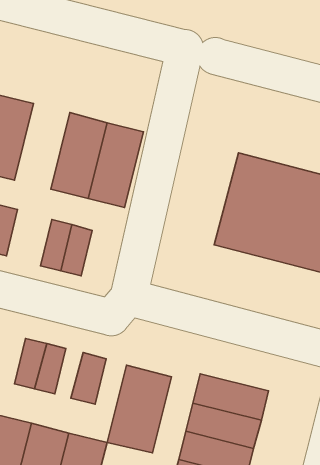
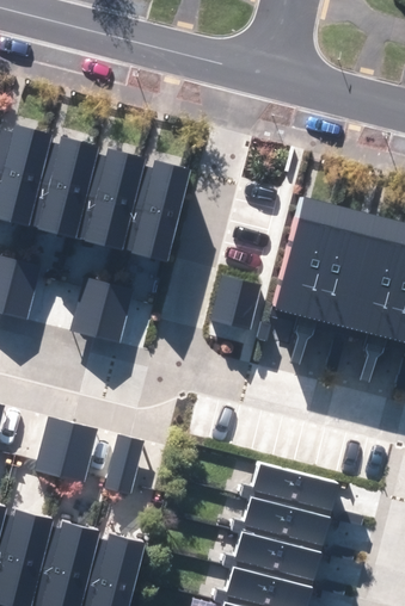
building: none -> [36,141,102,242]
building: [107,365,171,453] -> none

